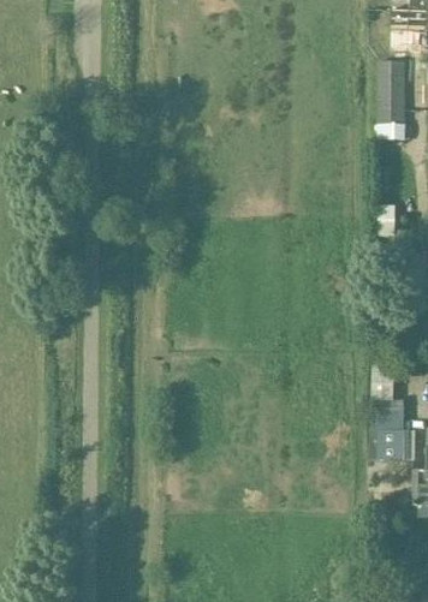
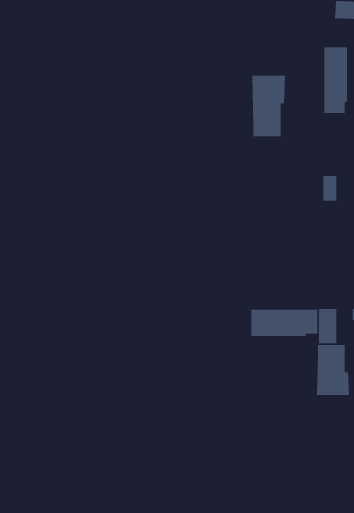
building: none -> [251,75,286,137]
building: none -> [251,309,318,337]

